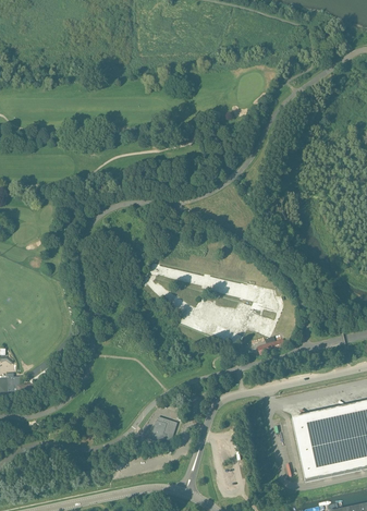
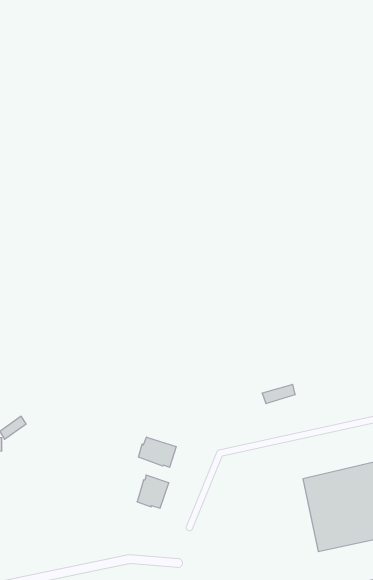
building: none -> [138,437,176,467]

